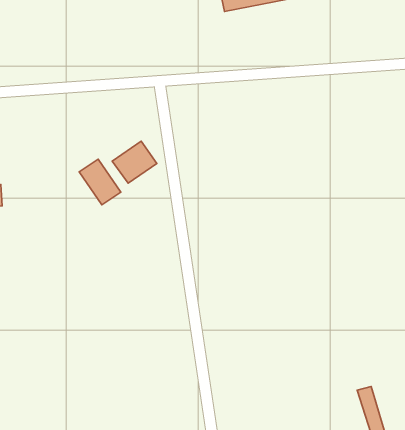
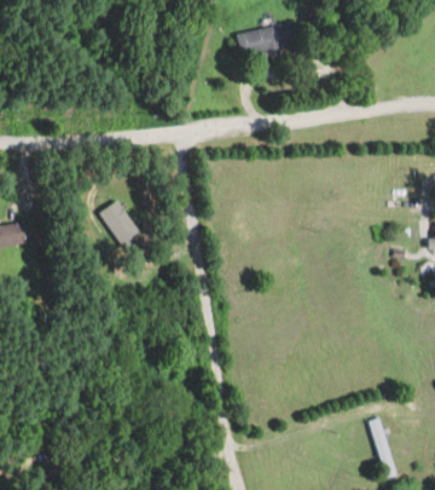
building: [112,141,157,183] -> none

